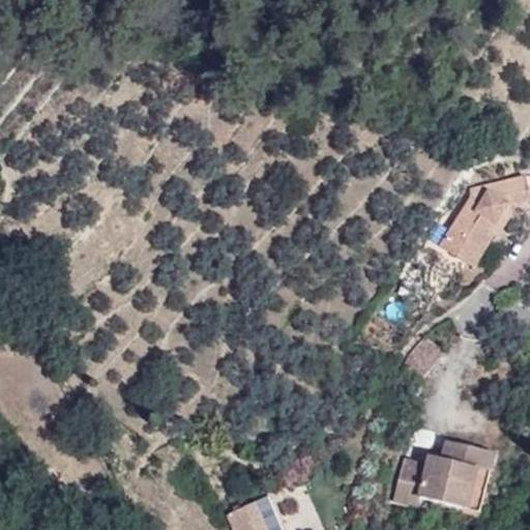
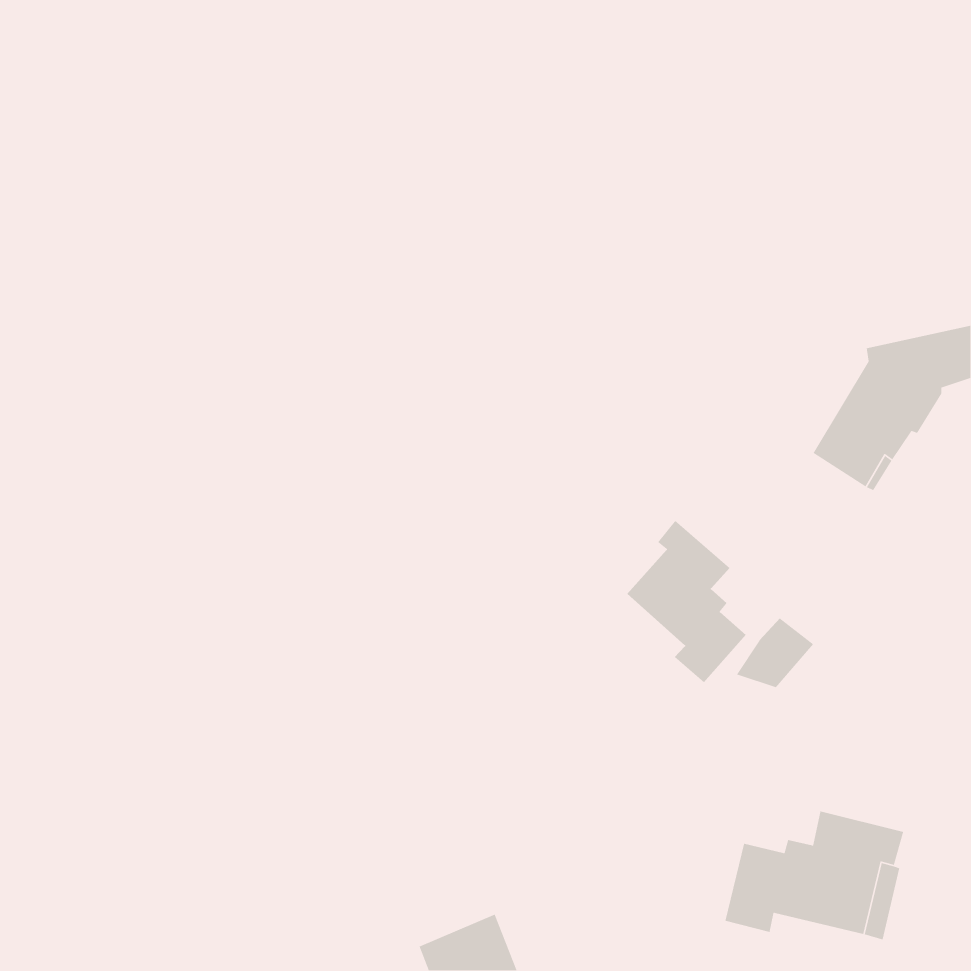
building: none -> [627,520,746,683]

